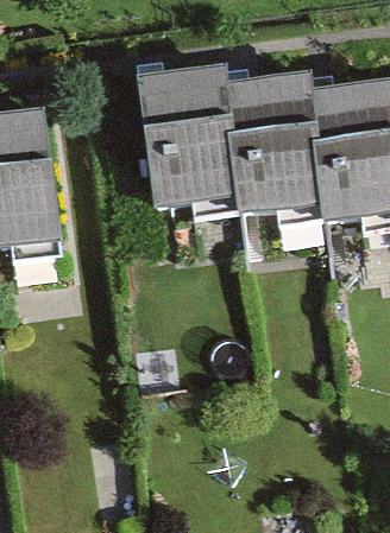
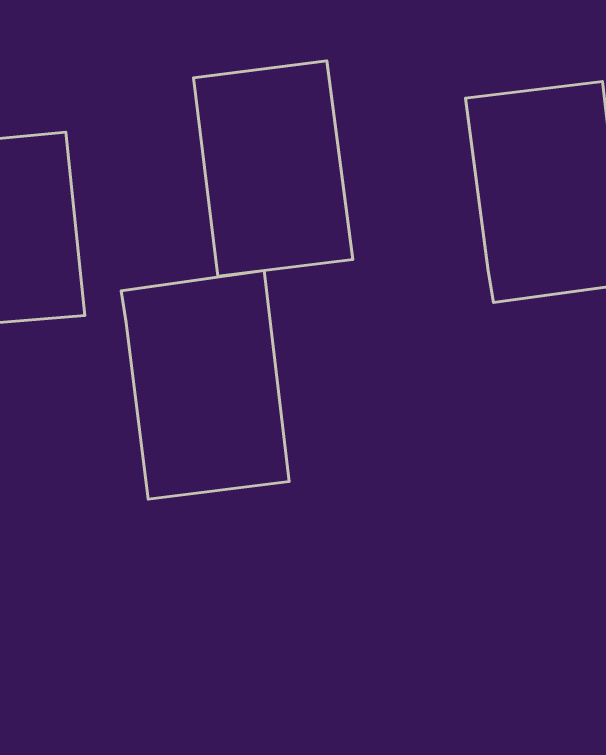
building: [214,81,314,217] -> none
building: none -> [121,271,289,499]

